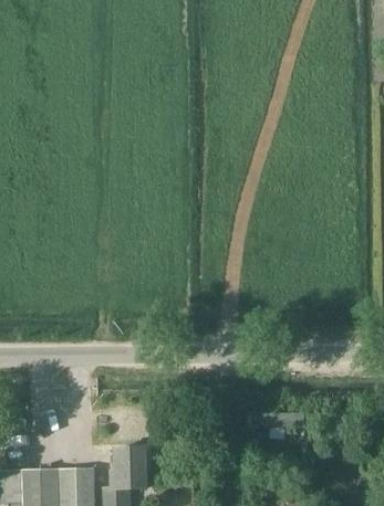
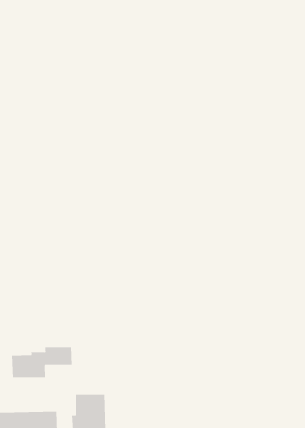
building: none -> [12,346,72,378]

